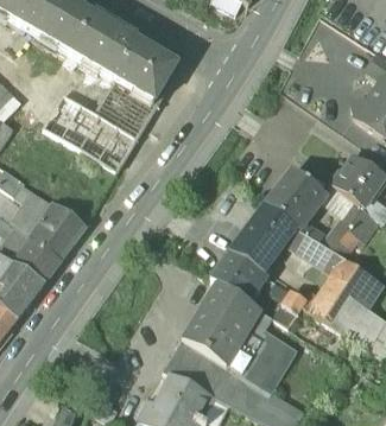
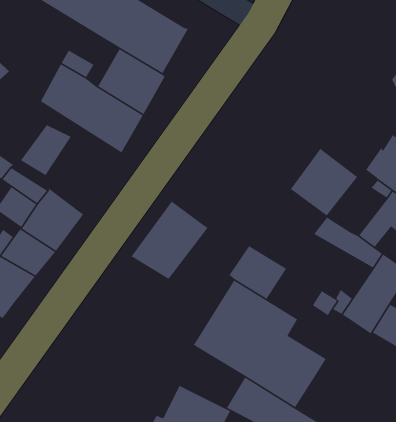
building: none -> [20,124,72,177]
building: [229,203,297,272] -> [130,201,208,280]
building: [163,338,226,393] -> none

